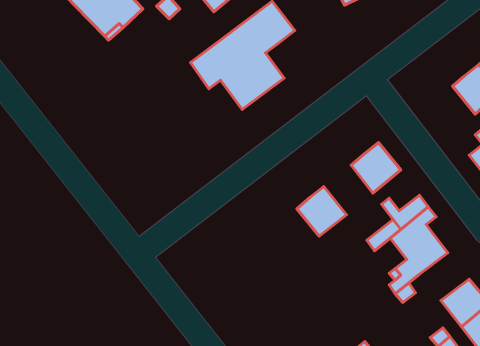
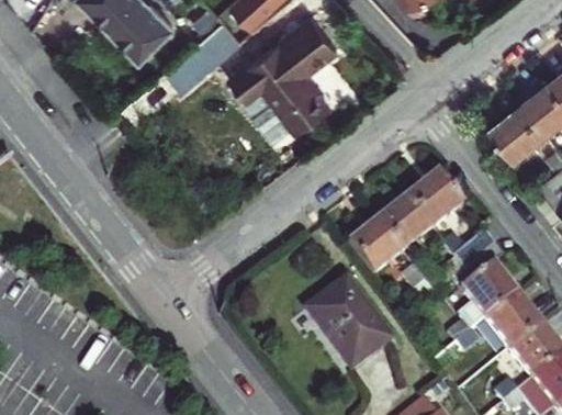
building: none -> [166,22,241,92]
building: none -> [492,110,547,165]
building: none -> [376,199,431,255]
building: none -> [306,269,393,360]
building: none -> [484,298,540,351]

